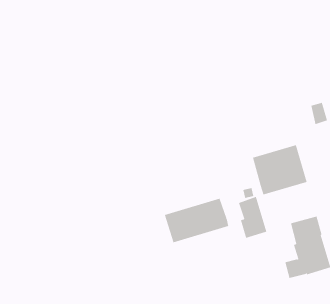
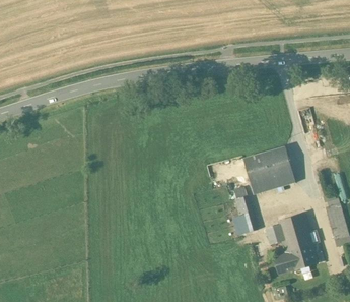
building: [164,198,229,243] -> none

